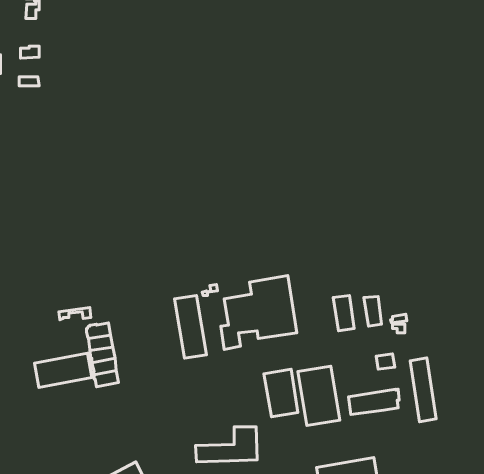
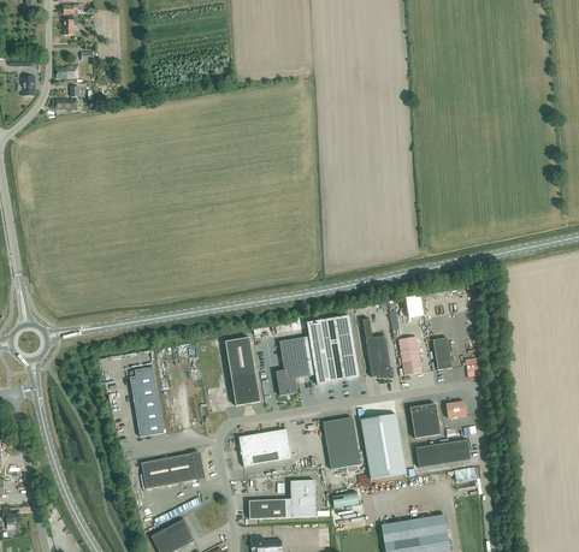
building: none -> [364,317,392,378]
building: [34,353,92,387] -> [141,451,203,488]
building: none -> [409,403,441,438]
building: [410,358,436,422] -> none
building: none -> [238,428,291,467]

